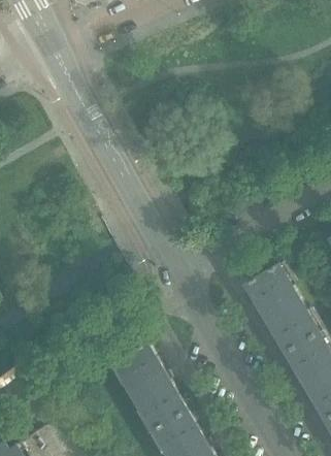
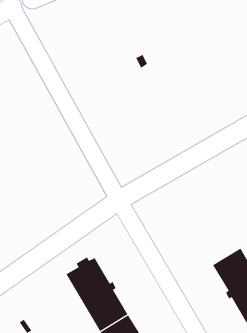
building: [245,264,319,352] -> none

